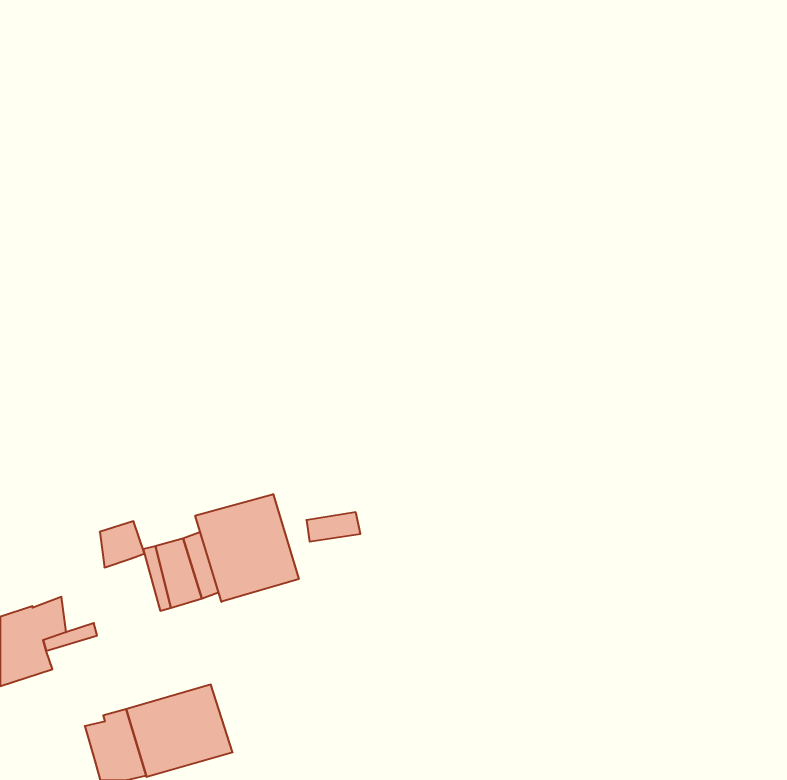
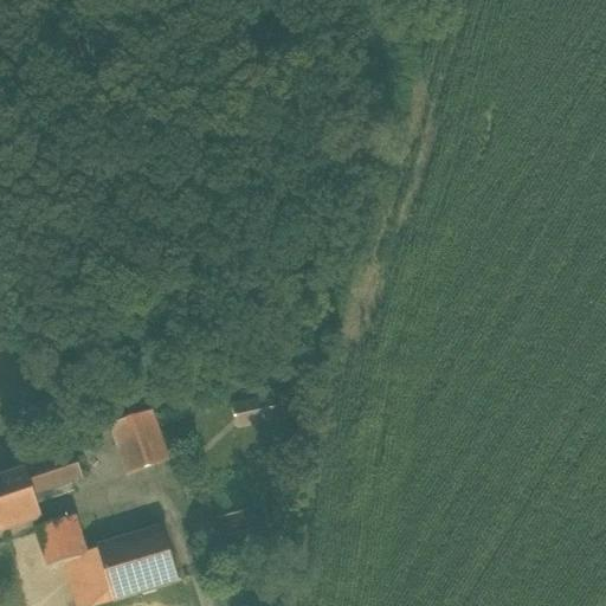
building: [195,494,299,602] -> none
building: [100,521,144,567] -> [47,451,82,486]
building: none -> [36,516,80,565]

